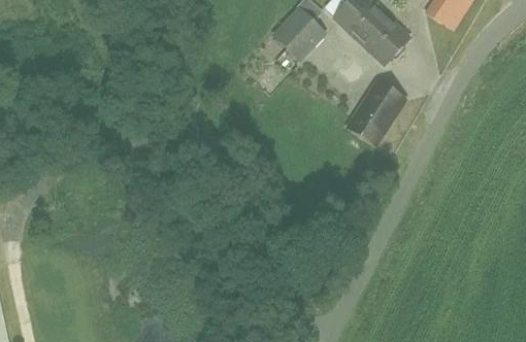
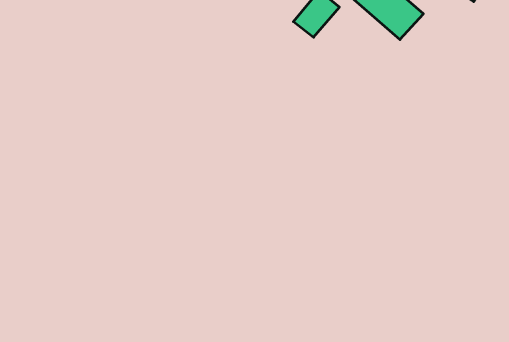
building: [351,87,399,145] -> none

